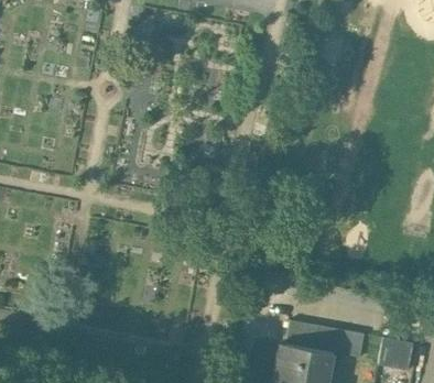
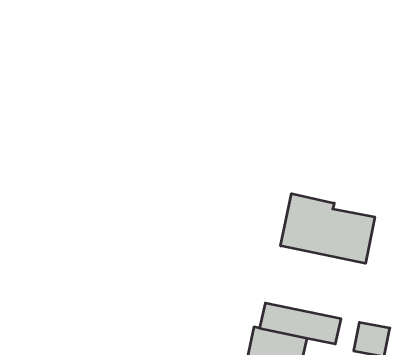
building: none -> [281,194,375,263]

